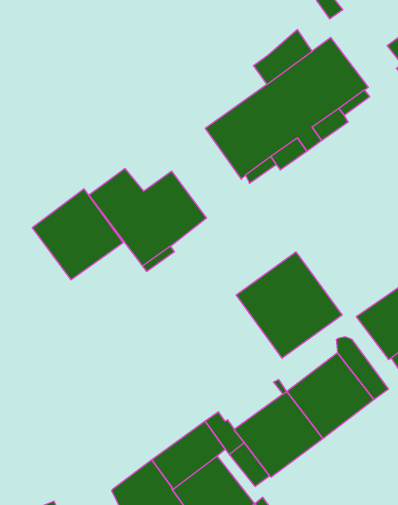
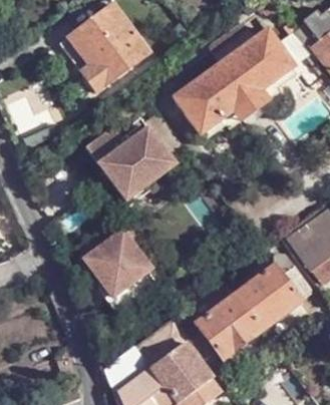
building: none -> [61,6,149,91]
building: [32,189,123,280] -> [84,230,152,298]
building: [236,252,342,358] -> none

